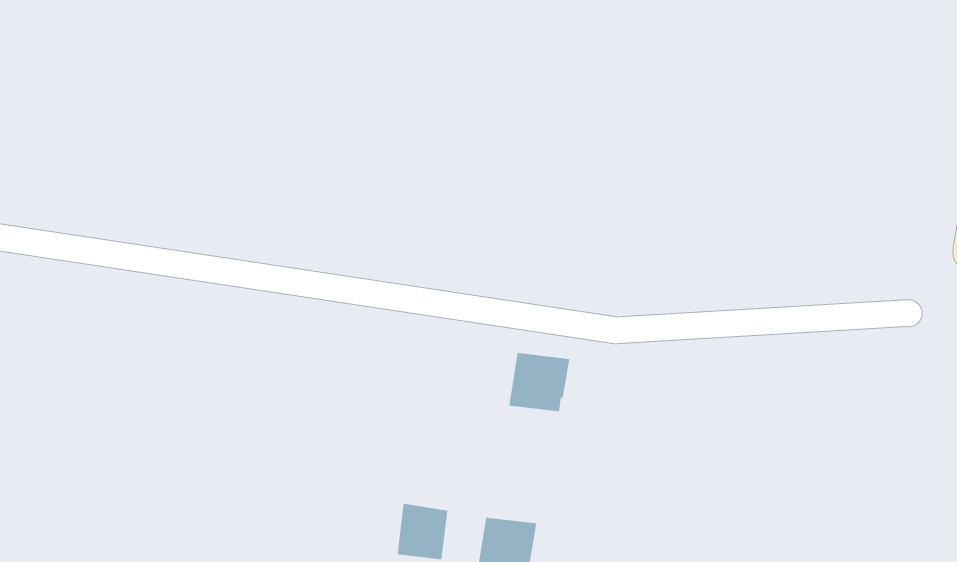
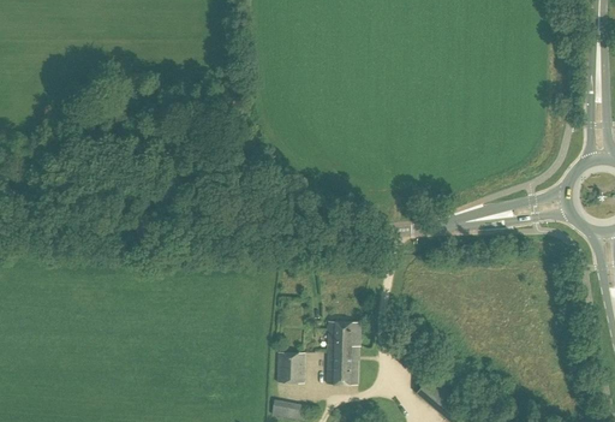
building: [508,353,570,412] -> [328,321,362,353]

